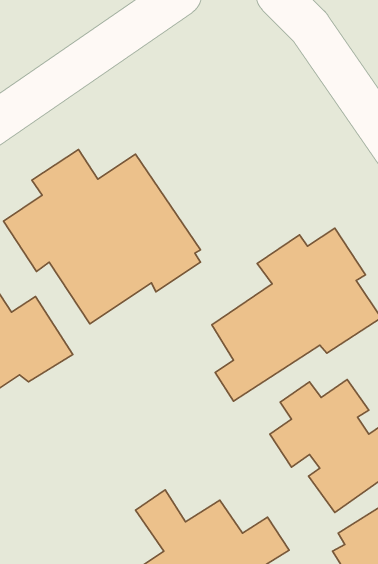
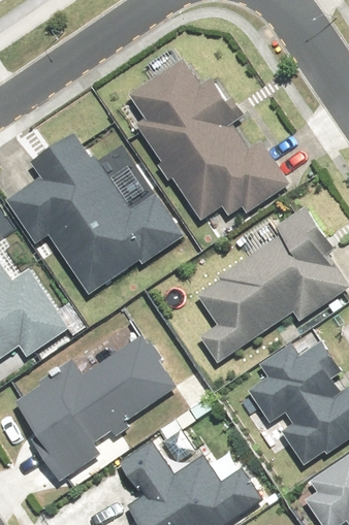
building: none -> [125,59,290,224]
building: none -> [13,335,177,473]

